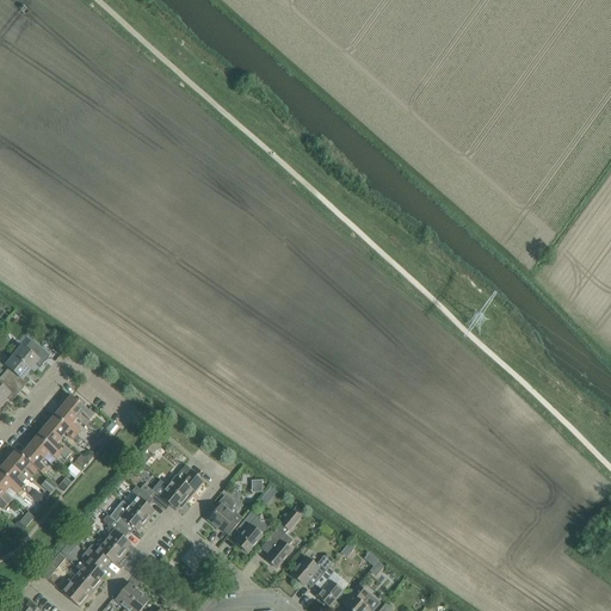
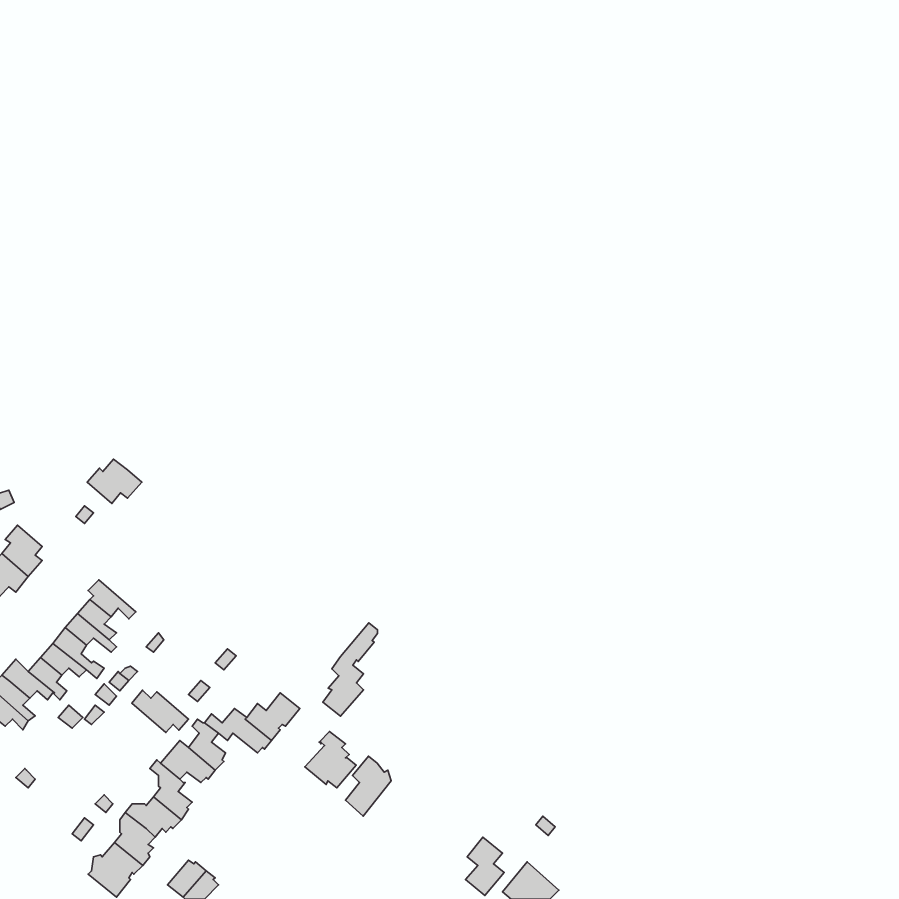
building: [12,340,49,370] -> [87,459,142,503]
building: none -> [132,690,188,732]
building: [264,505,301,568] -> [323,623,378,716]
building: [290,555,333,587] -> none

